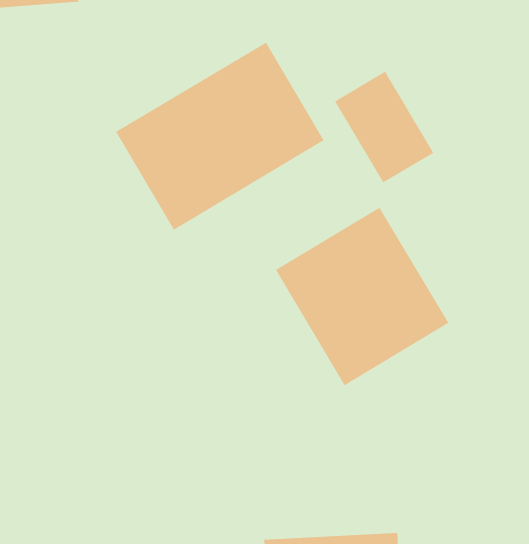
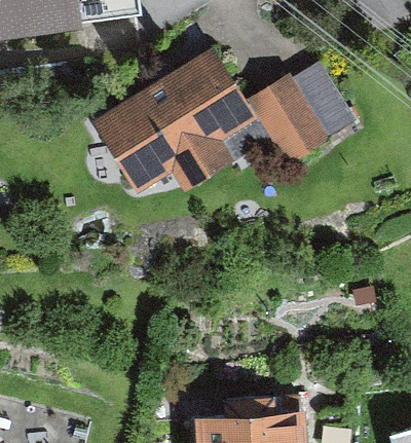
building: [275,207,449,386] -> none

